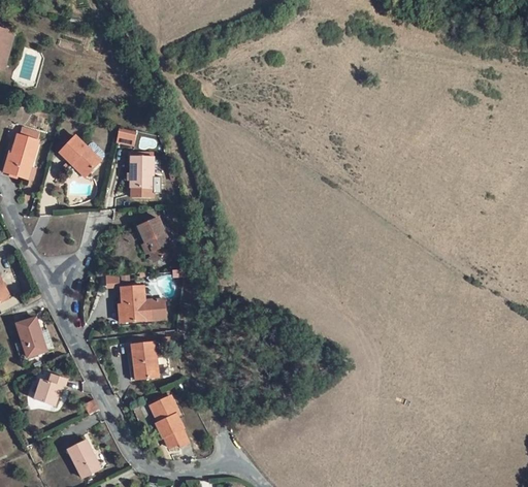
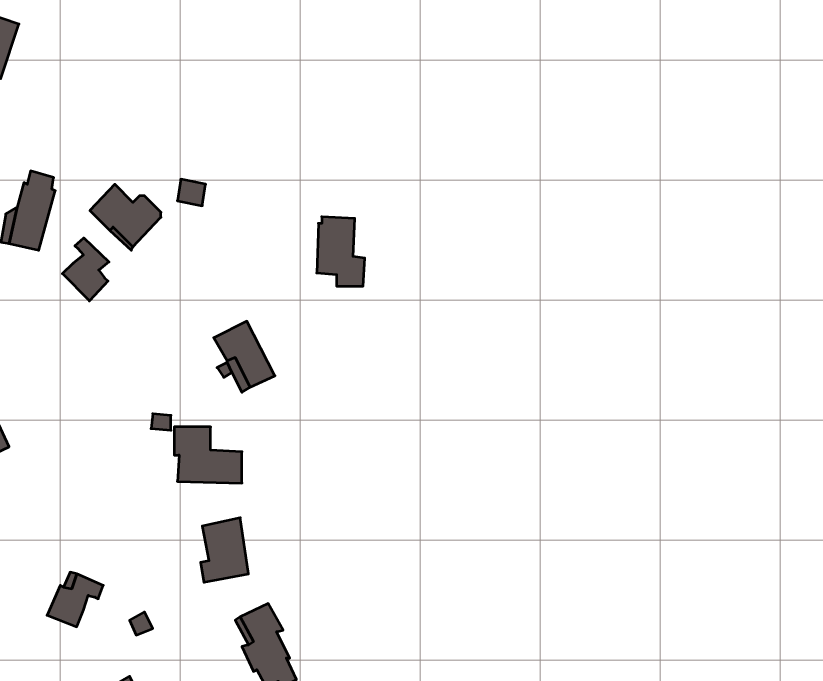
building: [130,149,160,192] -> [317,217,365,286]
building: none -> [62,238,109,301]
building: [18,322,47,360] -> none

